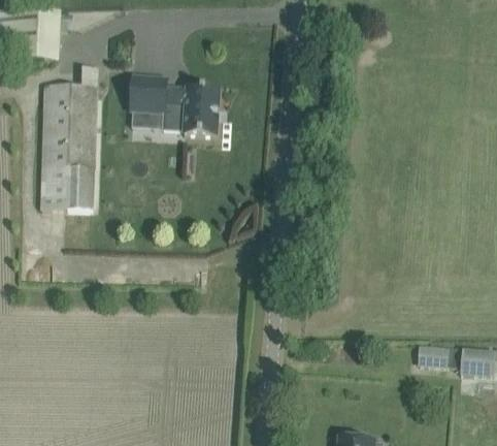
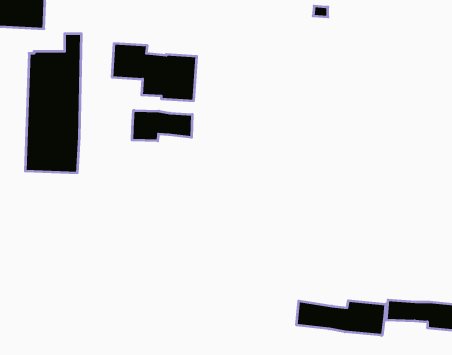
building: none -> [132,110,192,141]
building: none -> [297,301,386,335]

